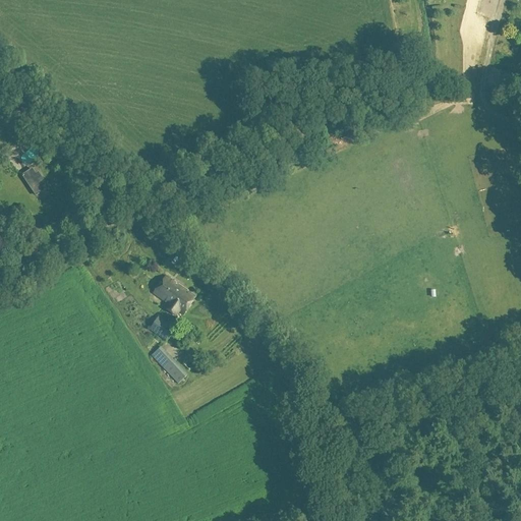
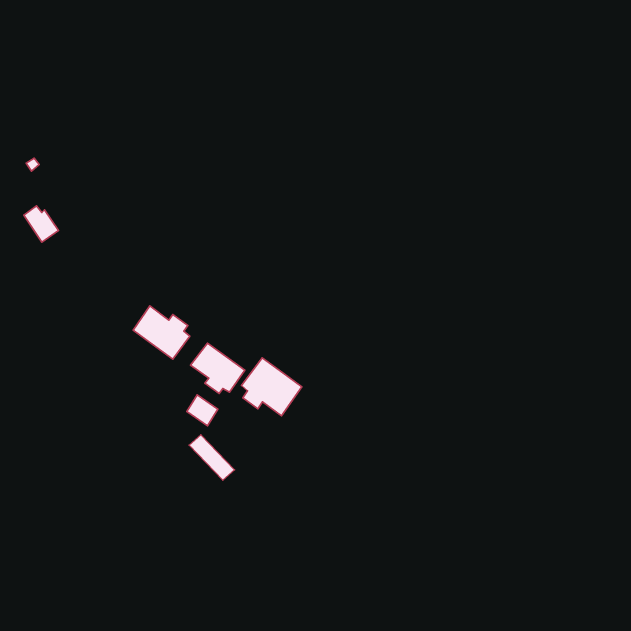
building: none -> [133,306,190,359]
building: none -> [242,358,302,416]

